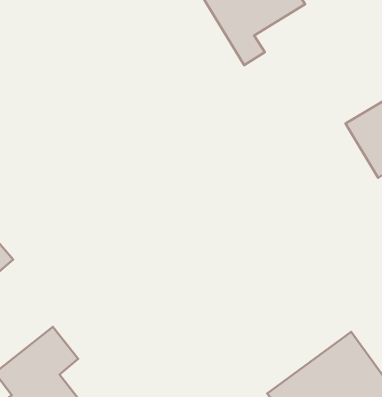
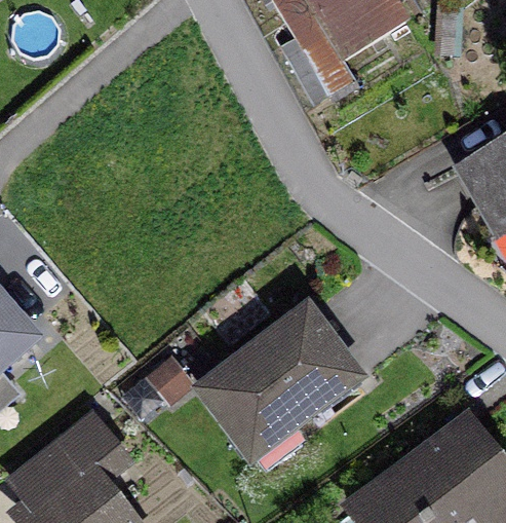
building: none -> [201,310,356,456]

